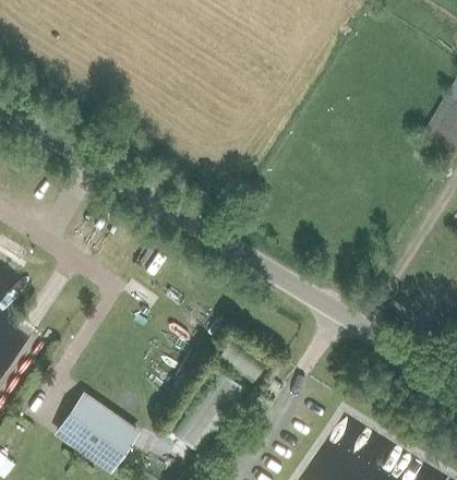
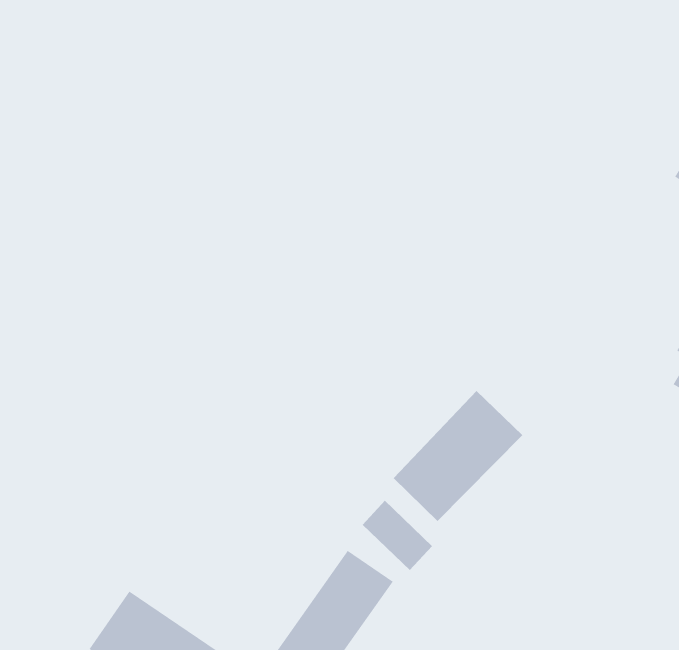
building: none -> [393,390,523,522]

